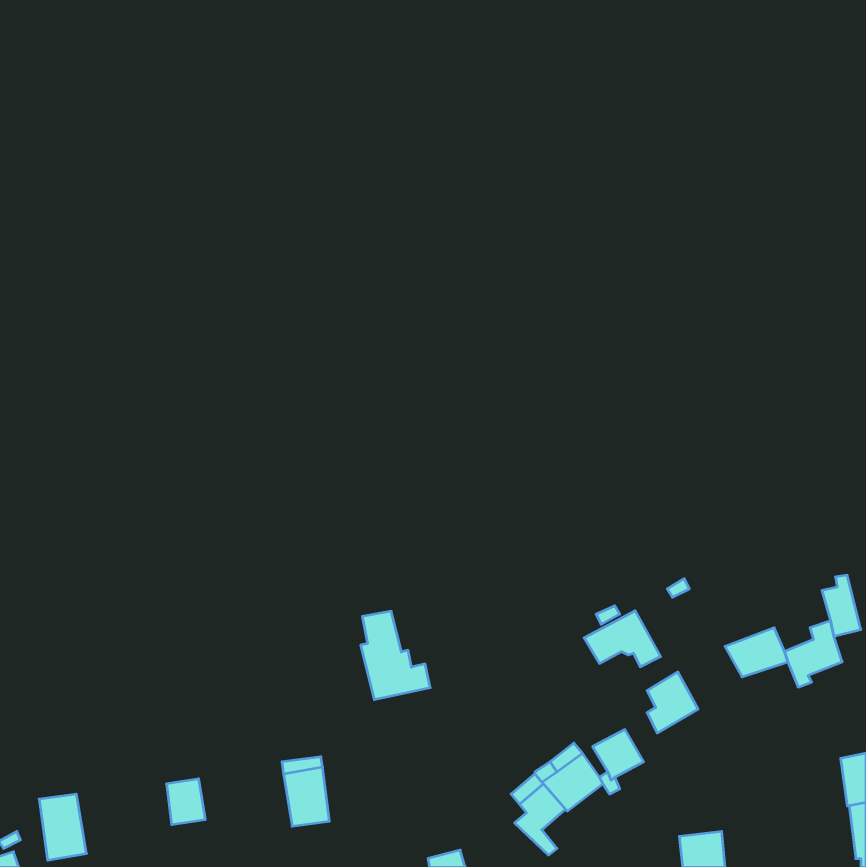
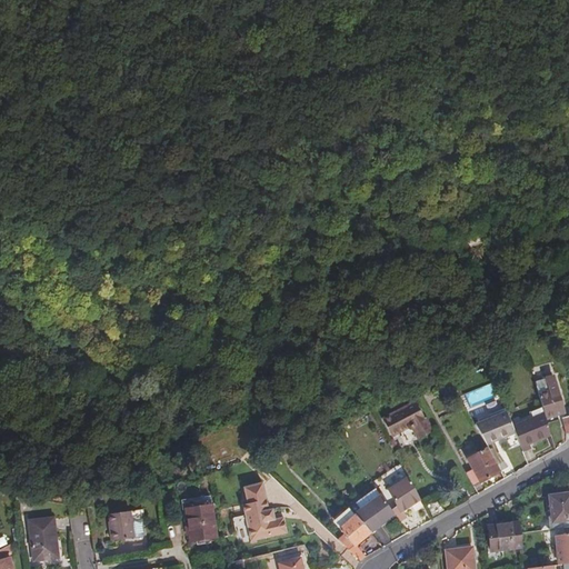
building: [361,611,430,700] -> [242,481,288,539]
building: [647,672,698,733] -> [467,446,500,486]
building: none -> [488,521,523,550]

